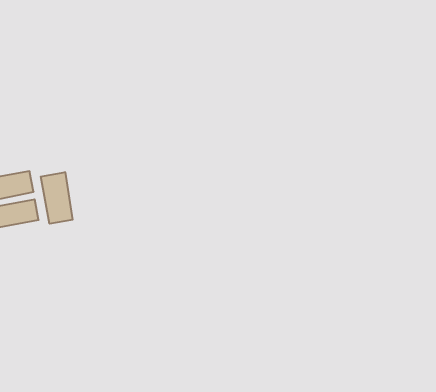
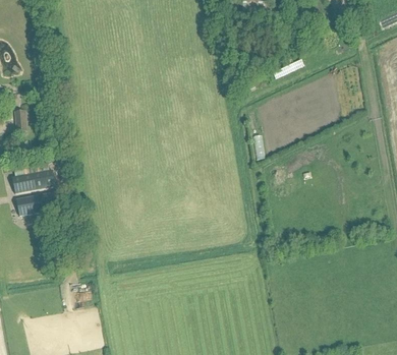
building: [41,172,73,224] -> none

